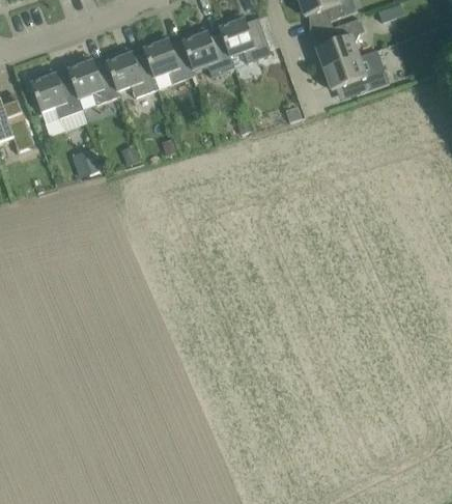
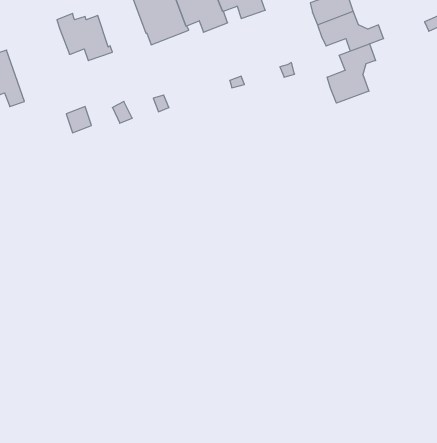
building: [104,51,159,97] -> none
building: [28,72,83,123] -> none
building: none -> [327,44,376,103]

